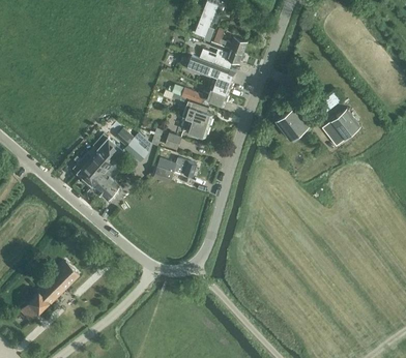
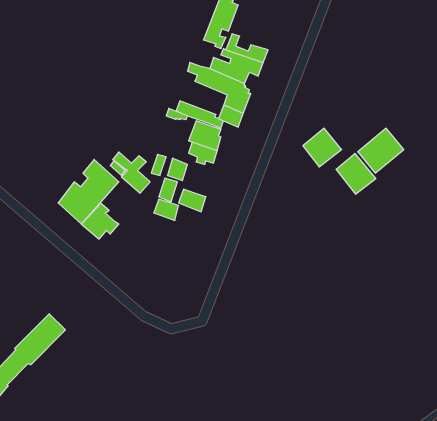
building: none -> [336,153,376,194]

